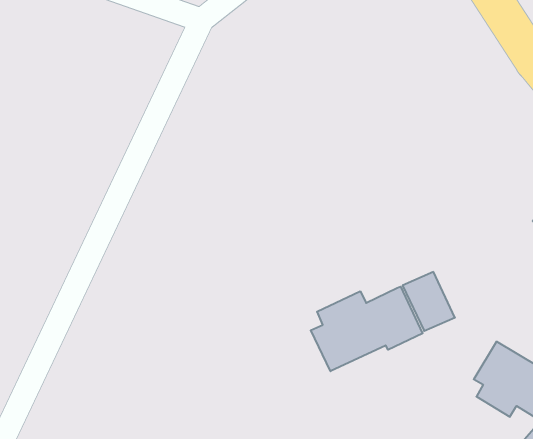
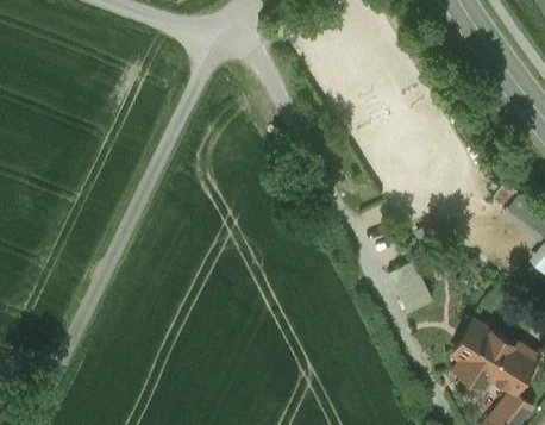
building: [311,287,423,371] -> none

